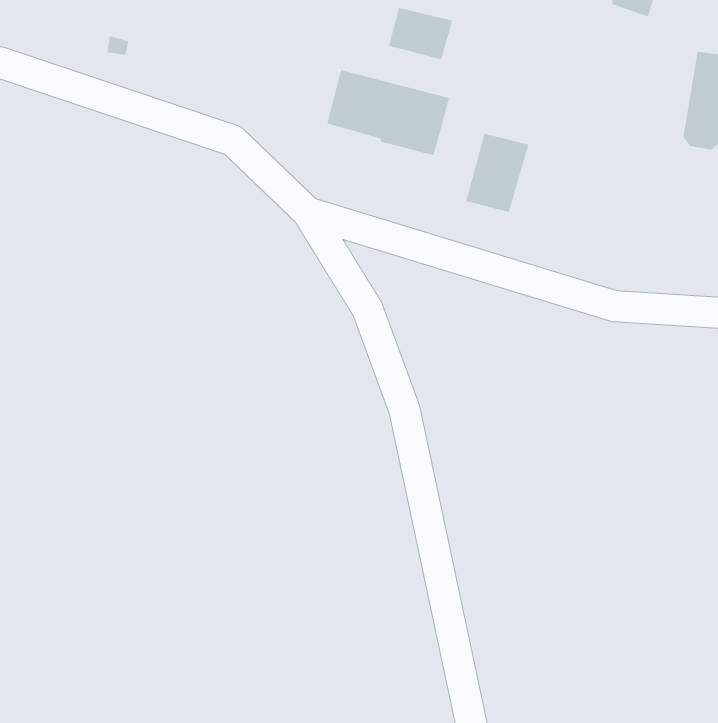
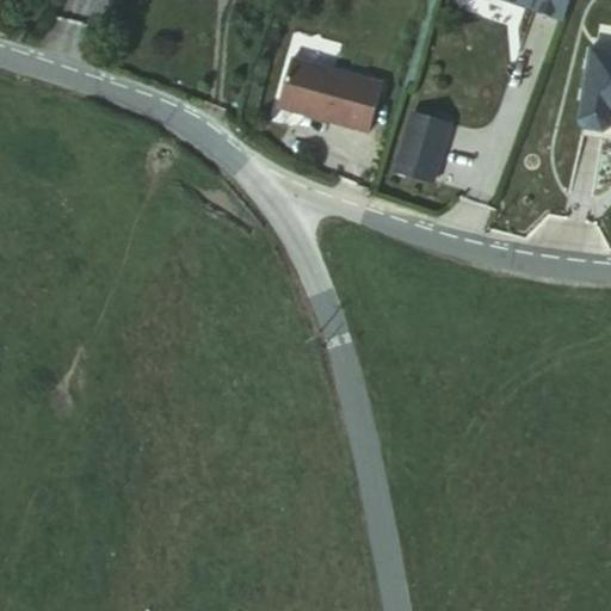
building: [388,7,453,60] -> none

